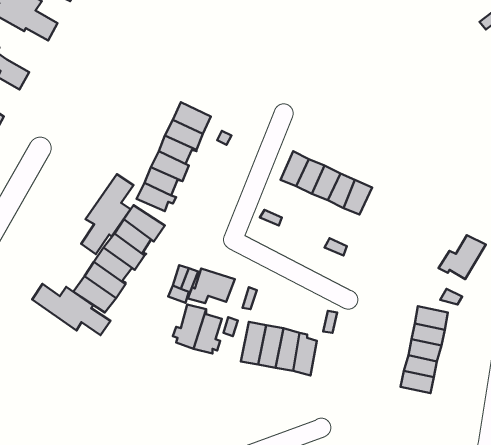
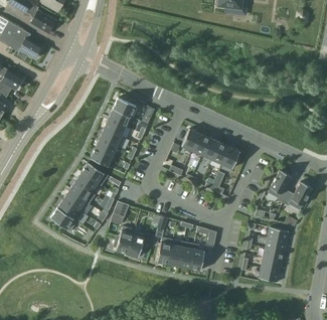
building: [81,174,133,254] -> none
building: none -> [267,169,291,202]
building: [188,268,235,303] -> none
building: [32,284,110,335] -> none

